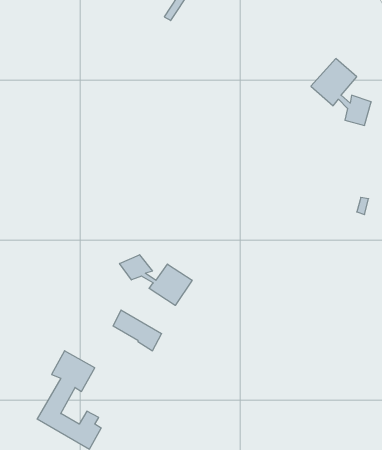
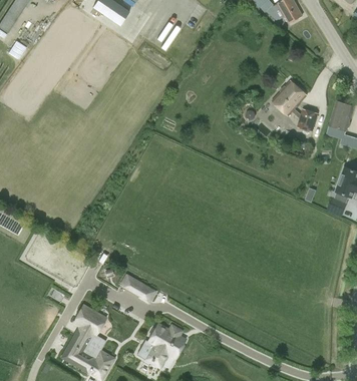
building: [120,255,192,305] -> none
building: none -> [144,323,185,362]

